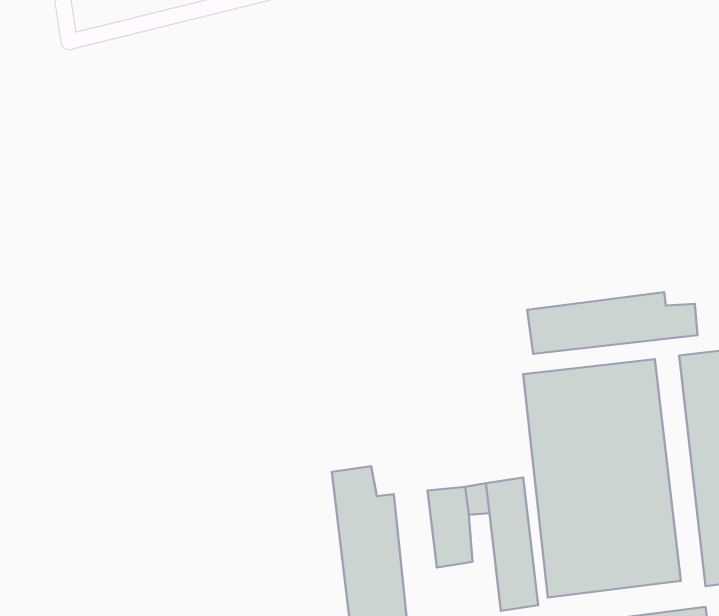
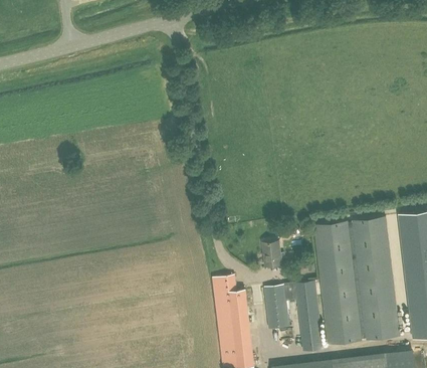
building: [527,292,698,354] -> none
building: none -> [260,240,281,267]

